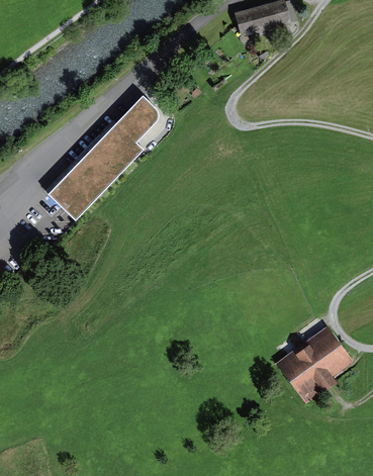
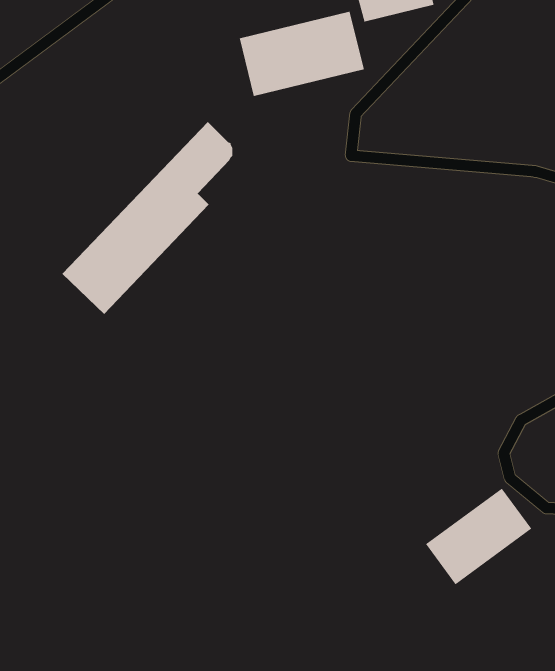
building: none -> [239,11,365,97]

